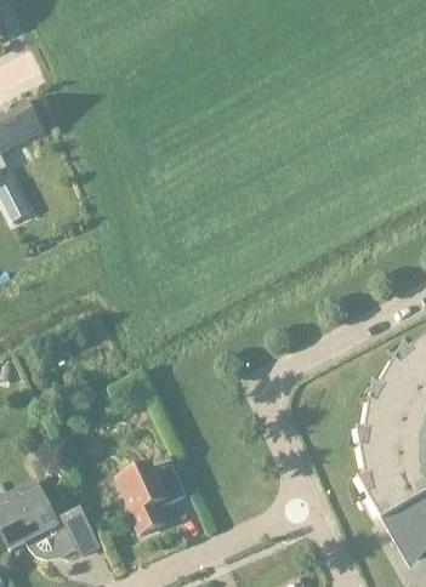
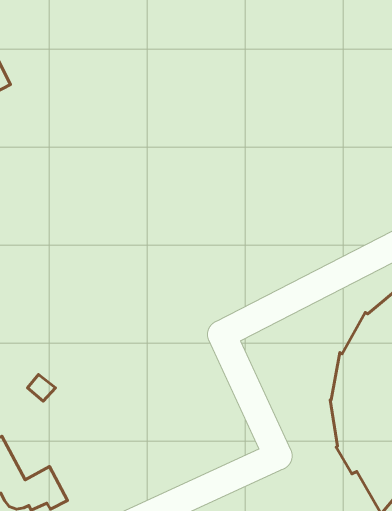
building: [117,463,186,534] -> none

